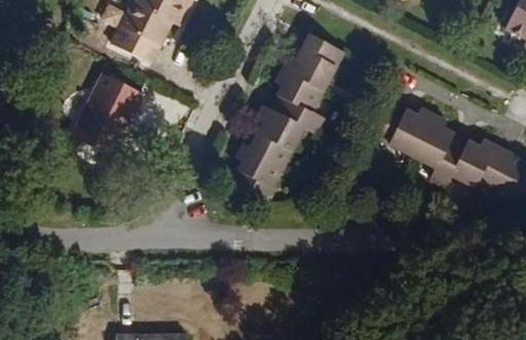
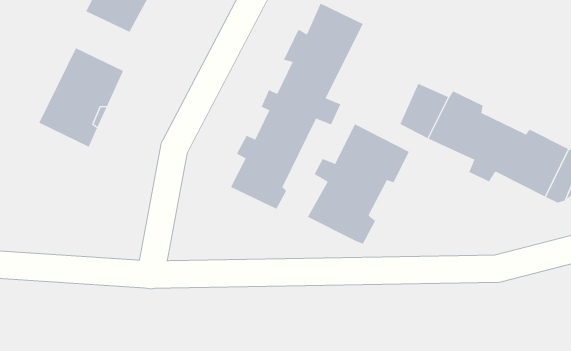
building: none -> [307,124,410,245]

